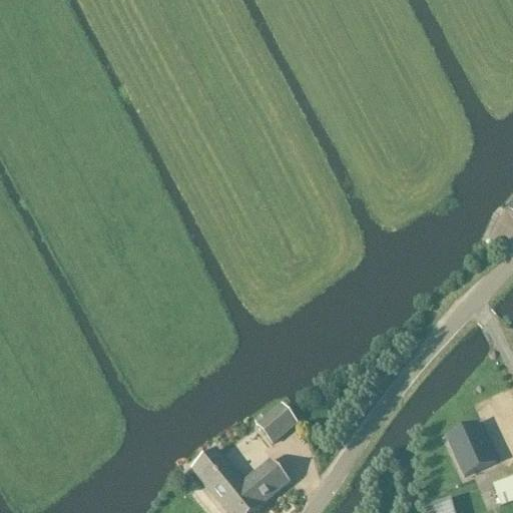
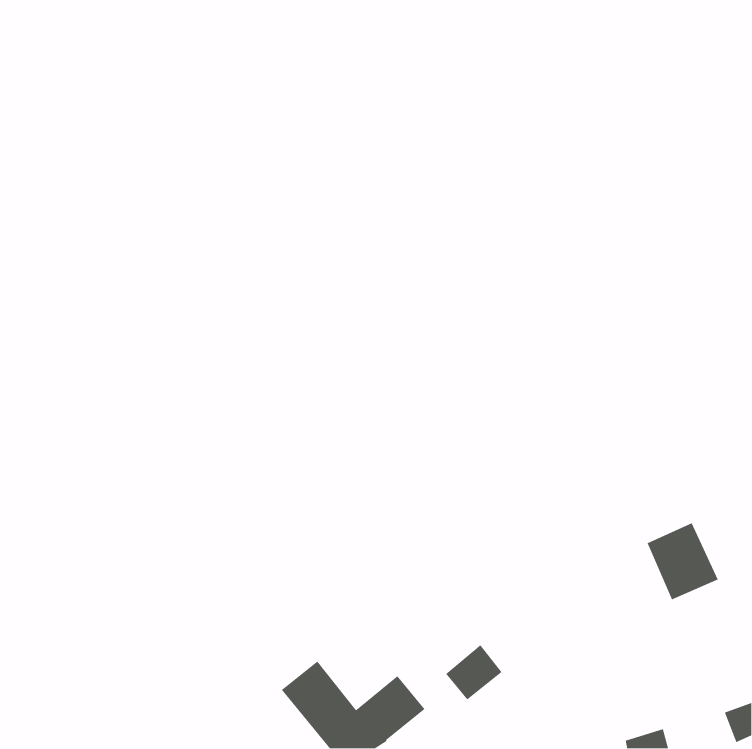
building: [256,404,296,442] -> [445,644,503,700]
building: [446,421,495,474] -> [646,522,719,601]

